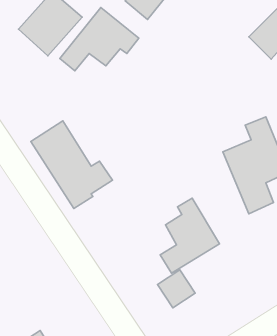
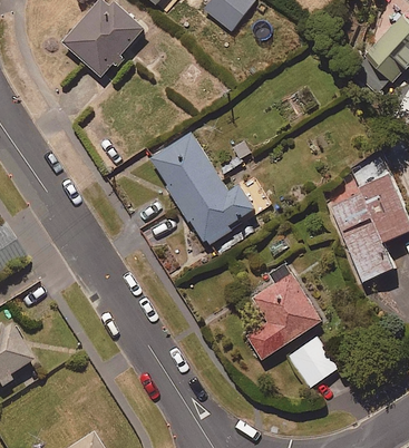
building: [60,8,139,71] -> none
building: [31,121,113,208] -> [150,132,256,245]
building: [158,270,195,308] -> [289,337,338,386]

